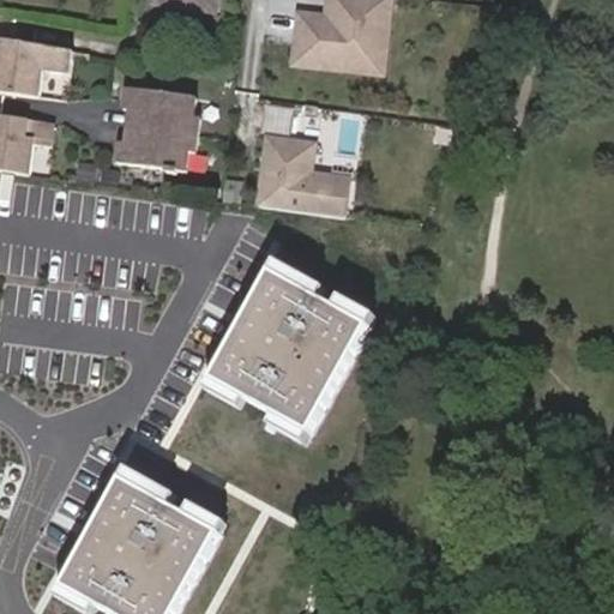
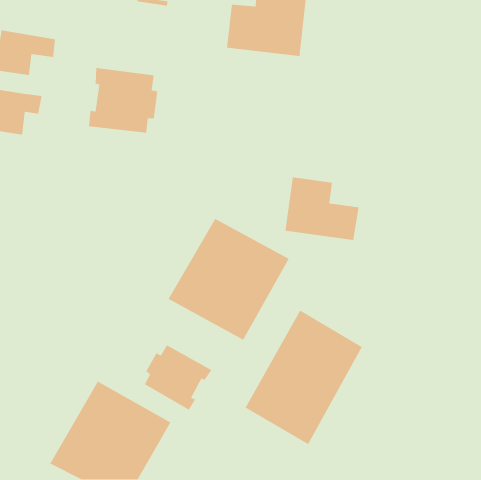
building: [253,131,348,212] -> [285,176,359,241]
building: none -> [245,310,363,445]
building: none -> [144,344,212,411]

